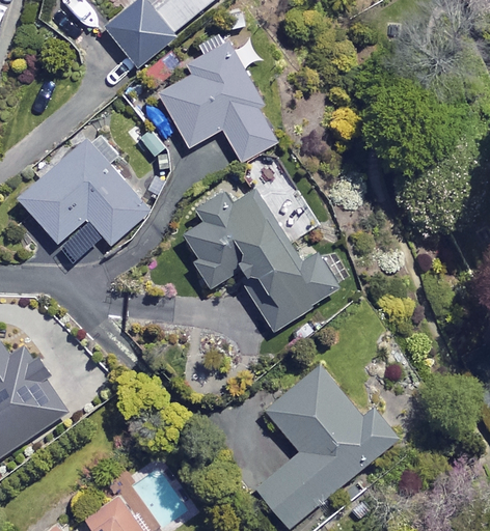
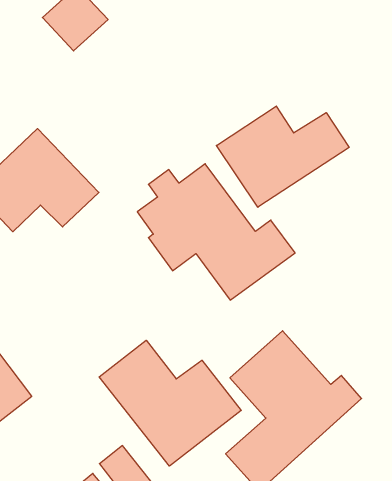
building: [158,44,281,162] -> none
building: none -> [216,106,349,207]
building: none -> [99,340,241,466]

